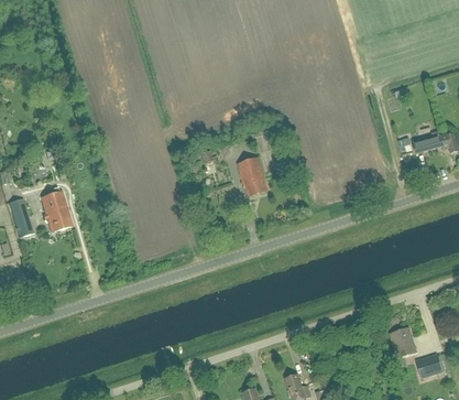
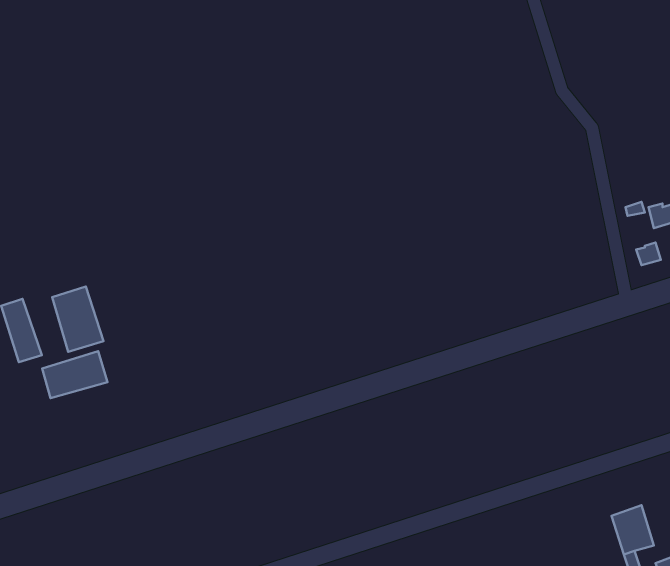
building: [236,155,266,196] -> none
building: none -> [42,351,107,398]

